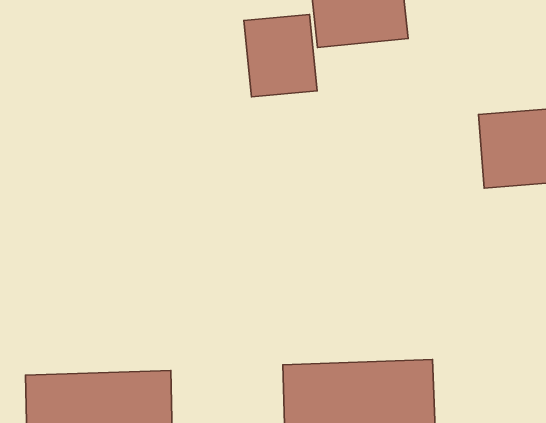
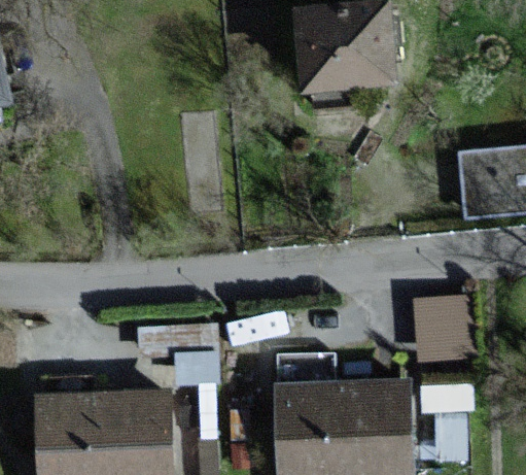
building: [244,14,317,97] -> none
building: none -> [411,295,475,362]

